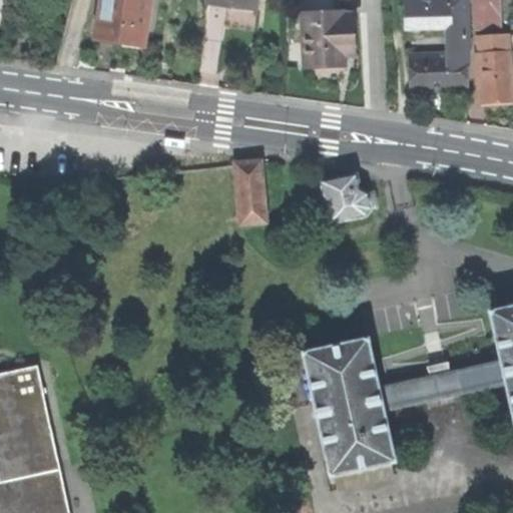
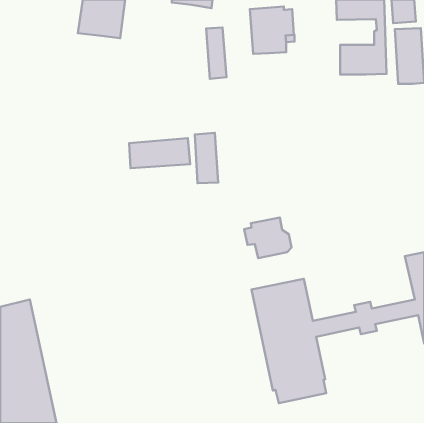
building: none -> [206,28,227,79]
building: none -> [129,138,190,168]
building: [312,172,369,221] -> [244,217,291,258]

